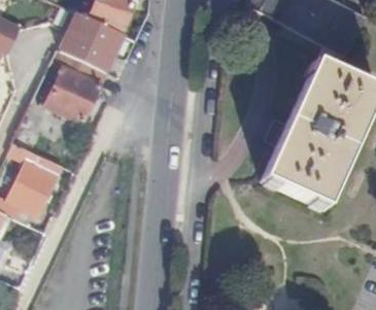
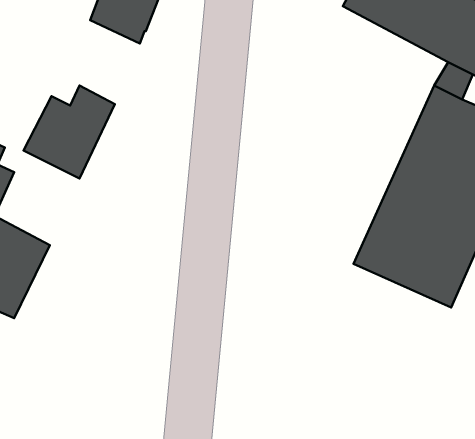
building: [58,8,122,73] -> none

